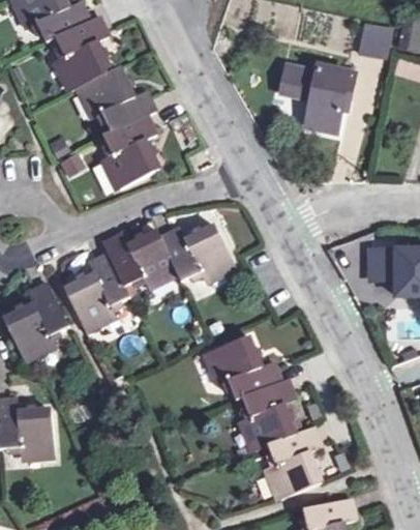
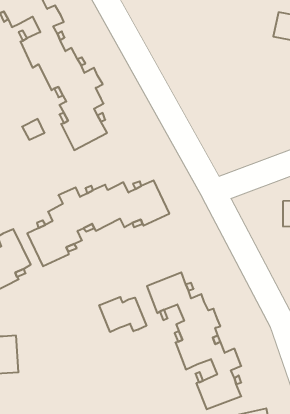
building: [280,66,354,132] -> none
building: none -> [99,297,146,332]

